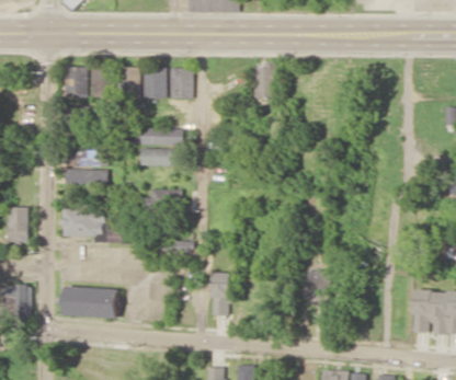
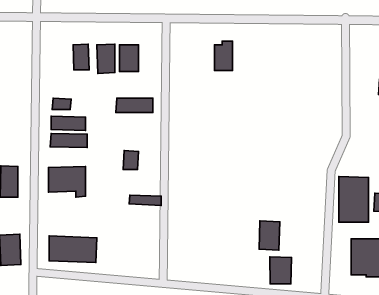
building: [64,67,88,97] -> none
building: [170,67,193,97] -> none
building: [140,148,180,165] -> none
building: none -> [339,177,369,222]
building: [212,273,230,314] -> none
building: none -> [270,257,292,284]

